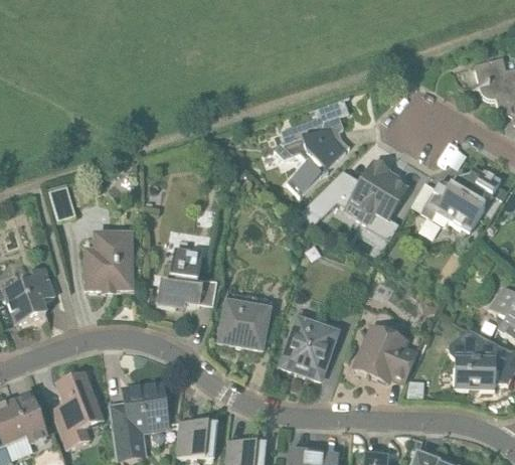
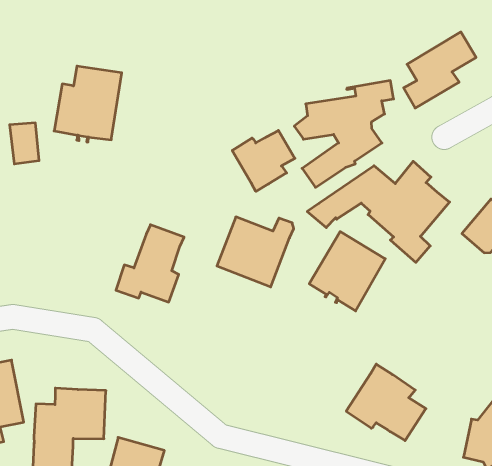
building: none -> [404,32,476,108]
building: none -> [232,130,295,191]
building: [85,232,132,292] -> [54,66,122,142]
building: [217,294,273,349] -> [217,217,294,287]
building: [281,318,337,378] -> [309,232,385,311]

